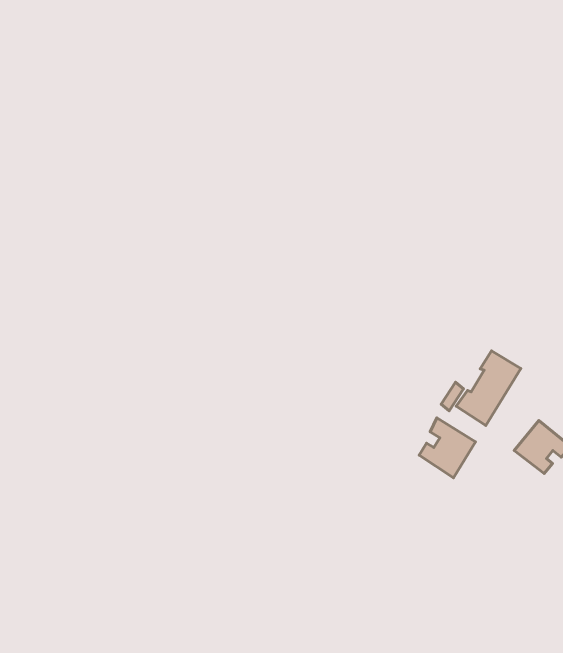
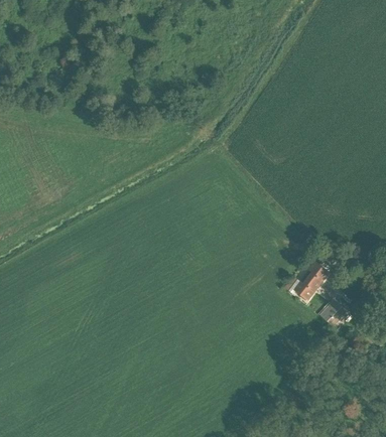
building: [419,418,476,478] -> none

